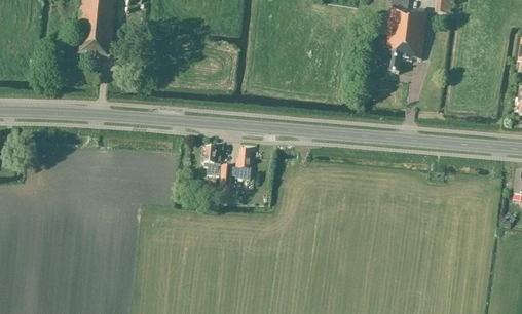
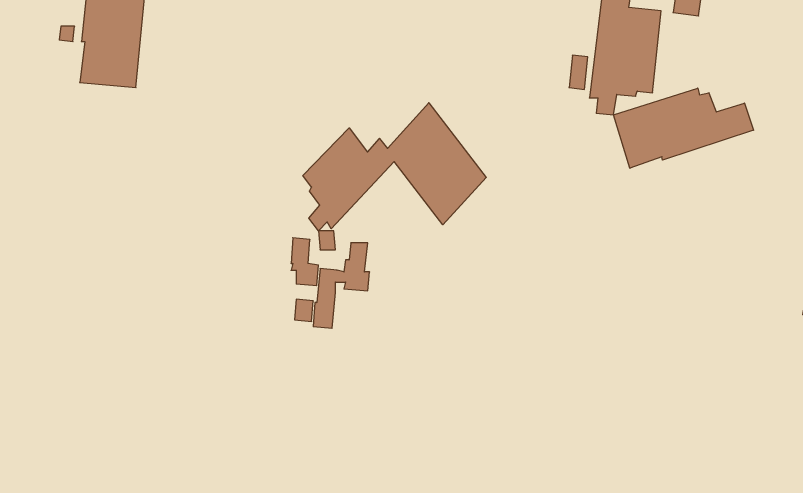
building: none -> [613,88,754,168]
building: none -> [303,103,486,231]

